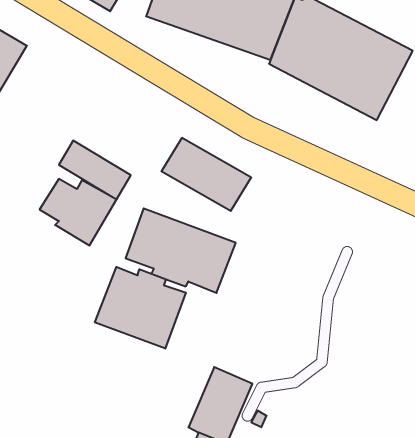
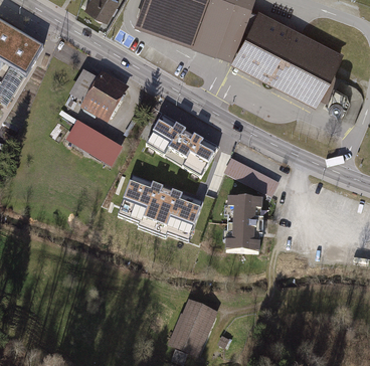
building: [40,179,117,245] -> [67,71,128,124]
building: none -> [224,159,278,197]
building: none -> [222,199,262,255]
building: [95,267,186,349] -> none

